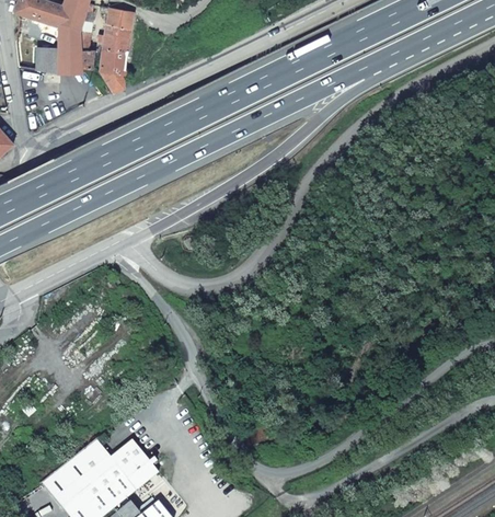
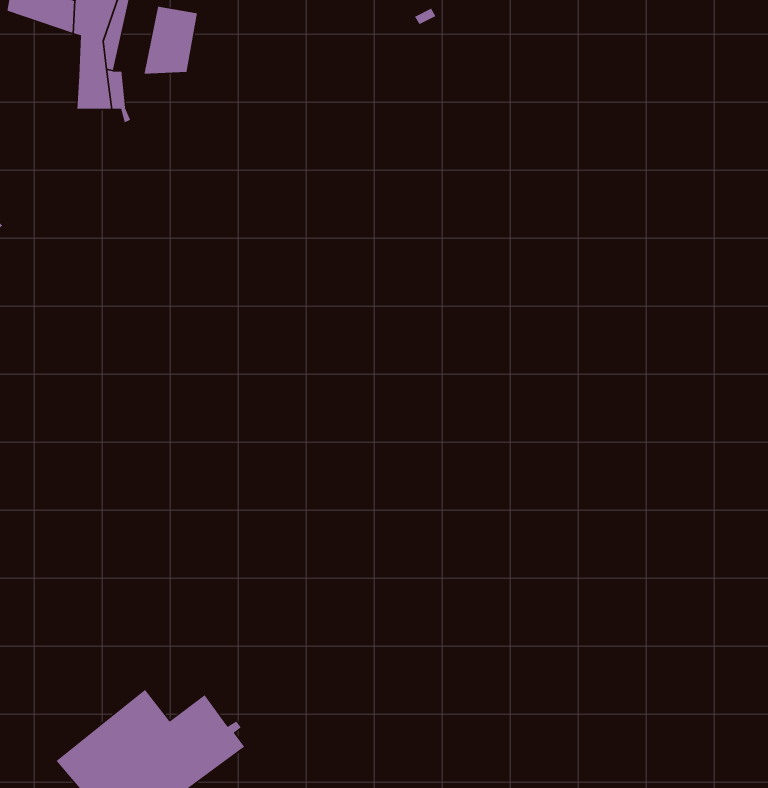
building: [96,50,126,94] -> none
building: [34,53,58,73] -> none

